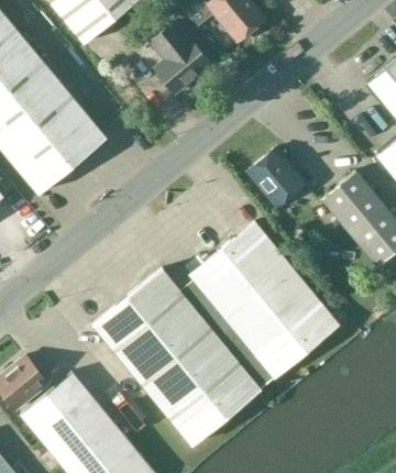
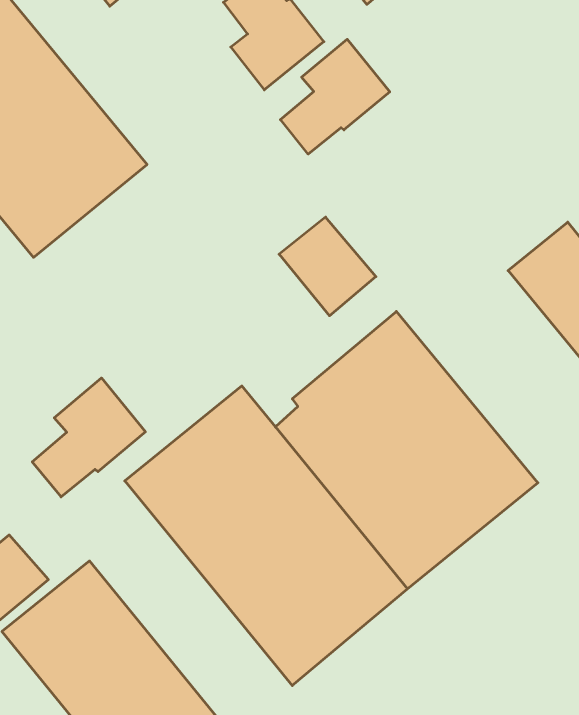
building: none -> [280,39,390,154]
building: [246,150,304,208] -> [279,217,376,316]
building: none -> [32,378,145,497]

